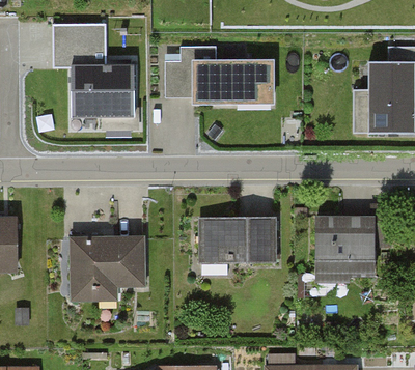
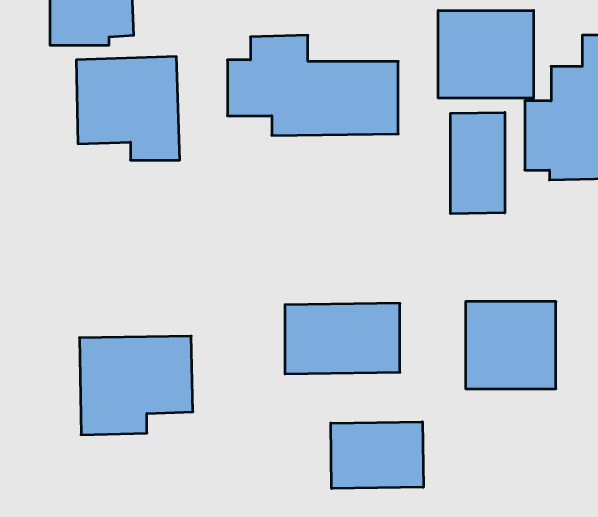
building: none -> [438,10,534,98]
building: none -> [451,112,505,214]
building: none -> [331,422,423,489]

